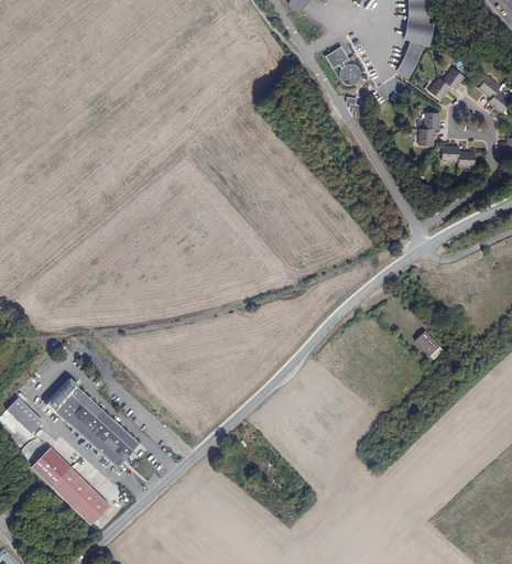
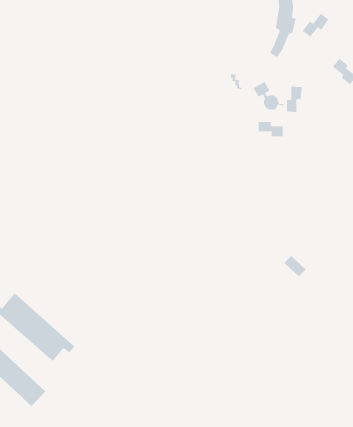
building: [327,45,368,83] -> [253,81,285,110]
building: [429,66,465,98] -> [302,13,329,38]
building: [443,145,476,165] -> [258,121,284,137]

